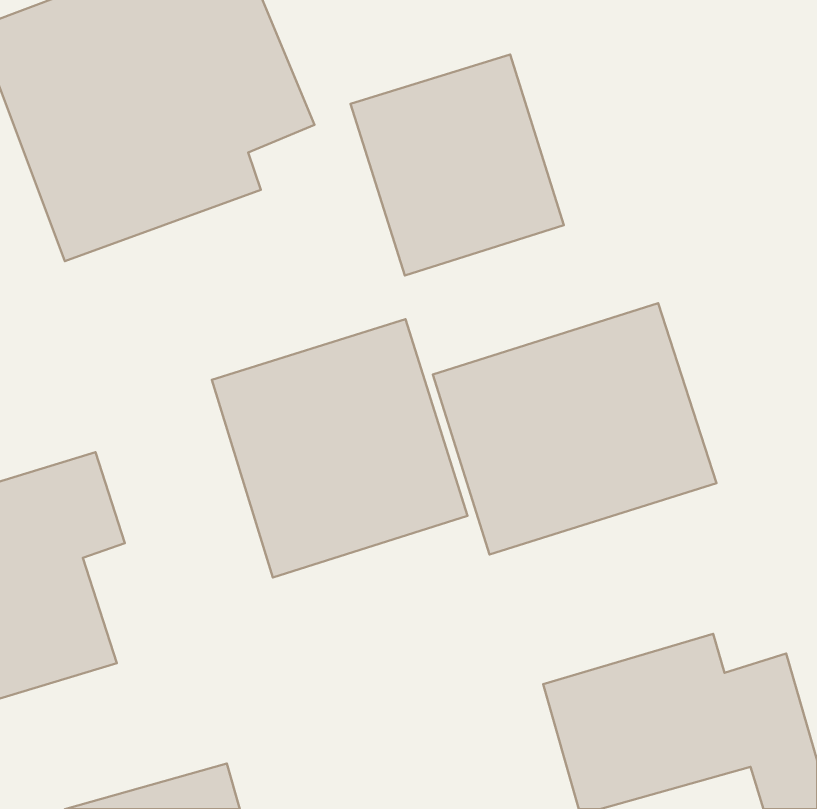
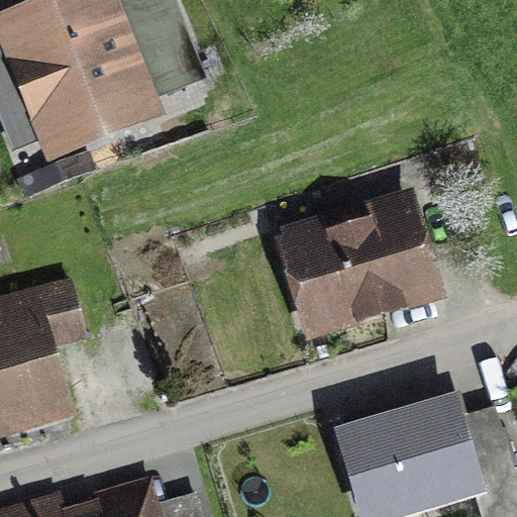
building: [351,55,564,275] -> none
building: [212,319,468,577] -> none

